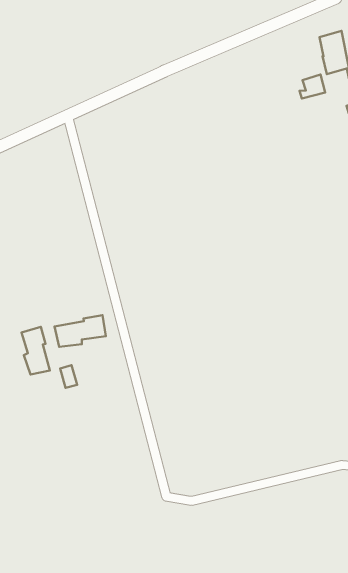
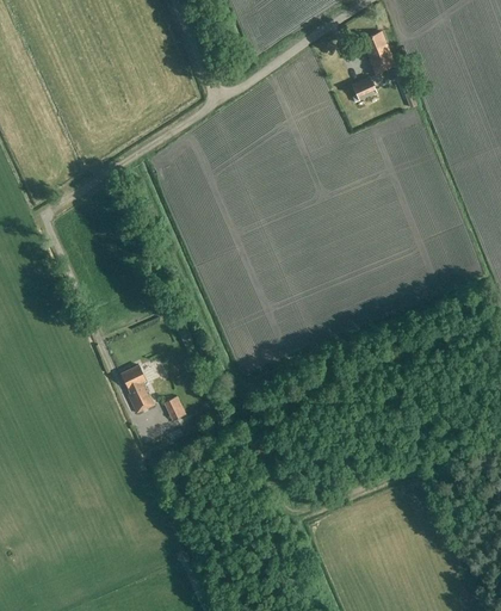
building: [55,315,106,347] -> none

